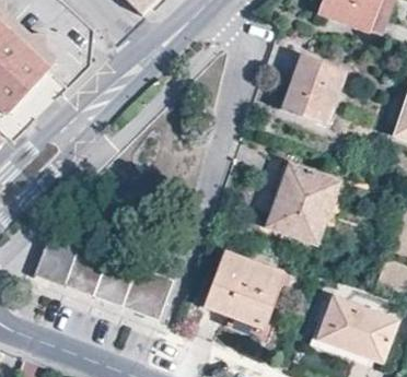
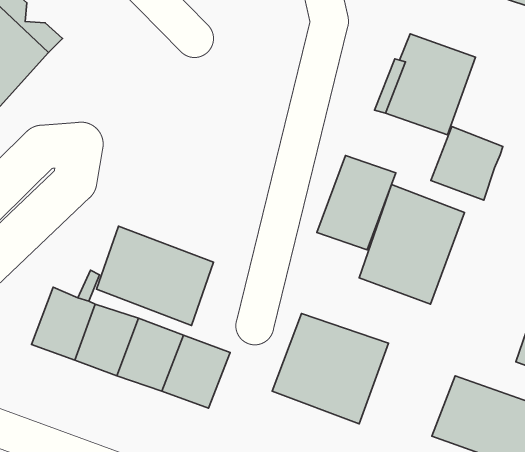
building: none -> [431,126,503,200]
building: none -> [317,156,396,250]
building: none -> [96,226,214,325]

